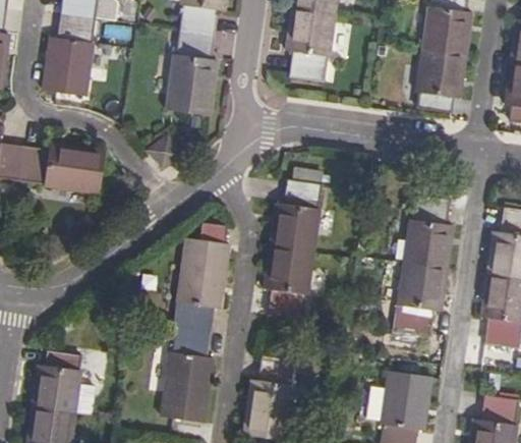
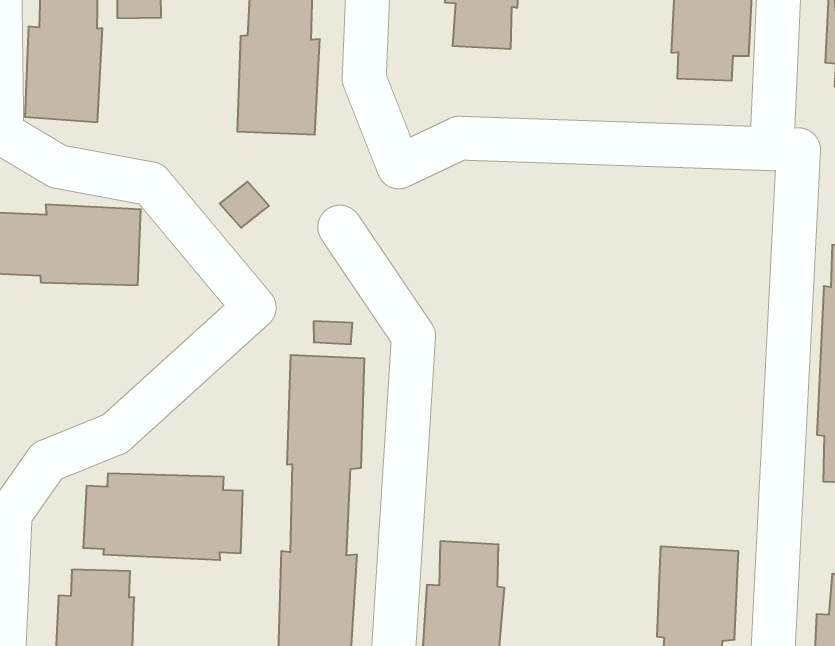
building: [265,180,322,319] -> none
building: [397,195,455,335] -> none
building: none -> [83,473,242,560]

